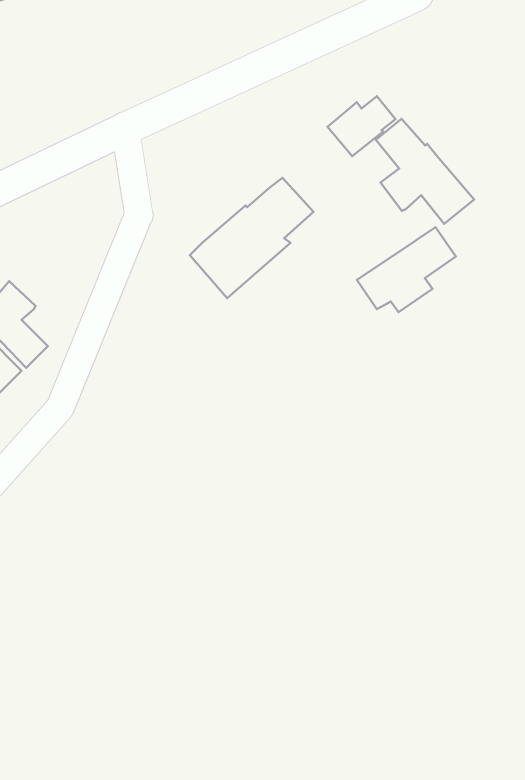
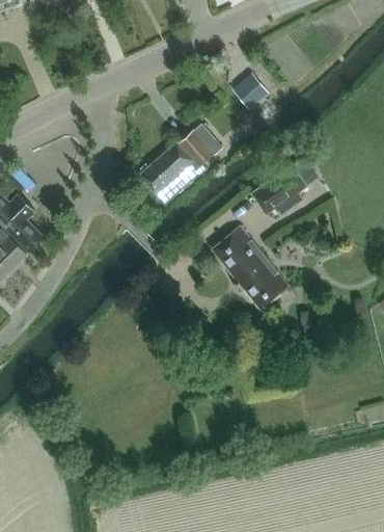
building: [376,119,474,224] -> none
building: none -> [211,225,289,309]

